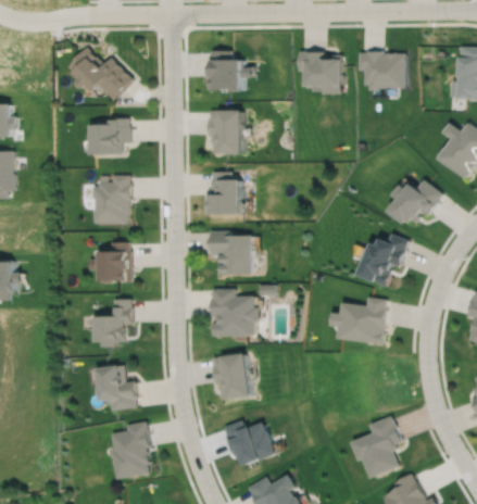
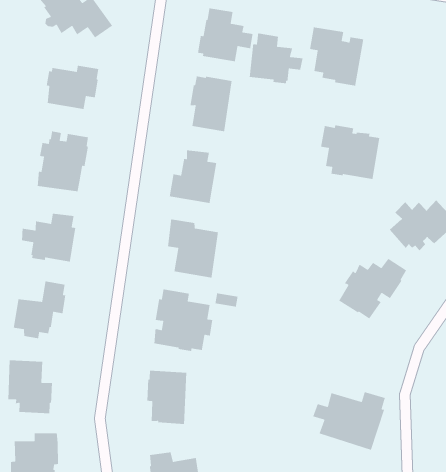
building: [359,51,406,92] -> [320,124,380,180]
building: none -> [249,33,304,84]
building: [329,297,388,344] -> [312,391,386,451]

